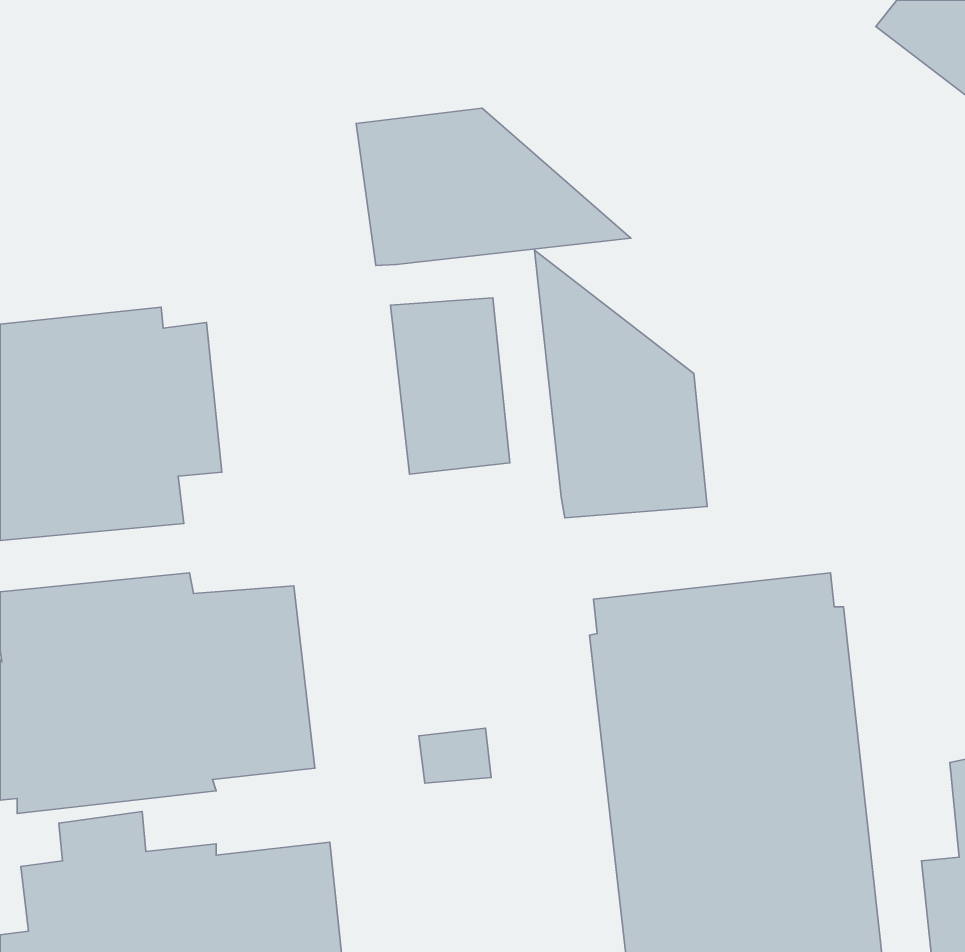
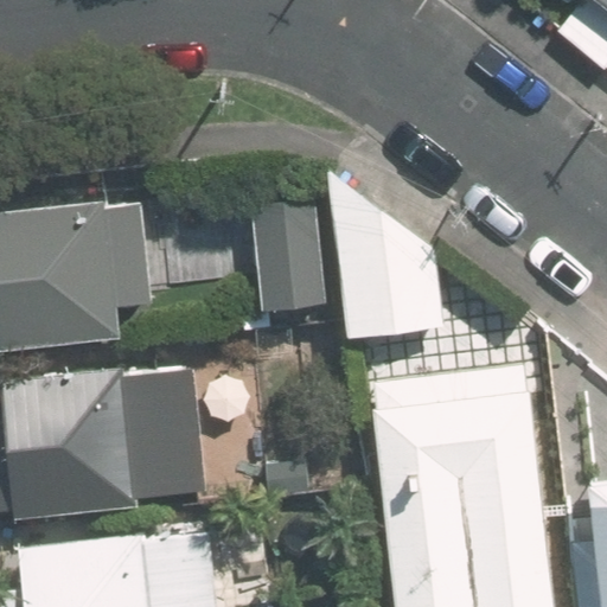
building: [356,108,631,265] -> none

